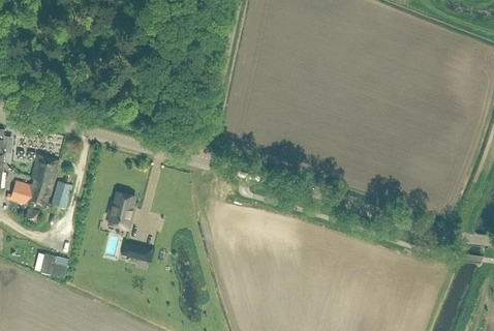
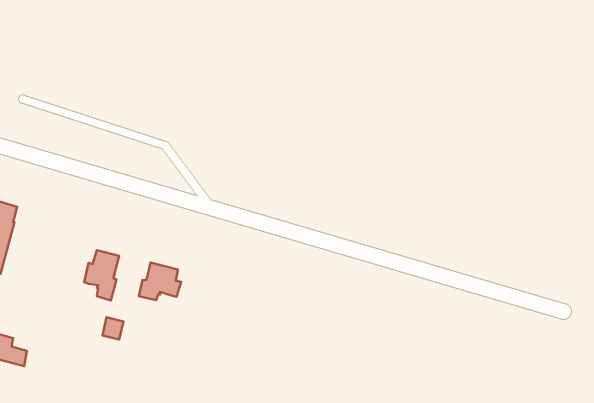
building: [50,180,72,208] -> none
building: none -> [139,263,181,300]

